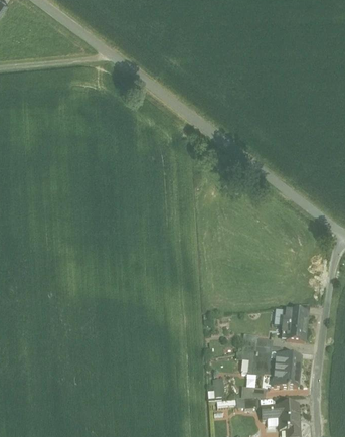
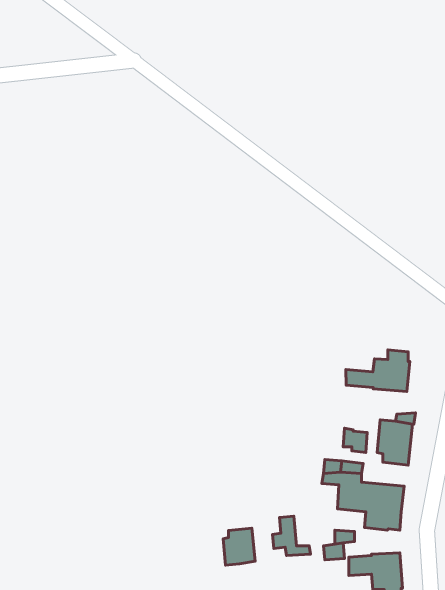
building: none -> [346,350,410,391]
building: none -> [223,528,255,565]

